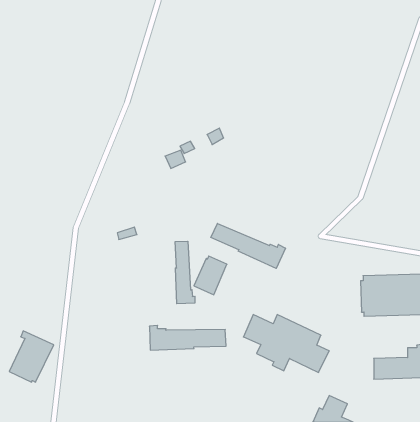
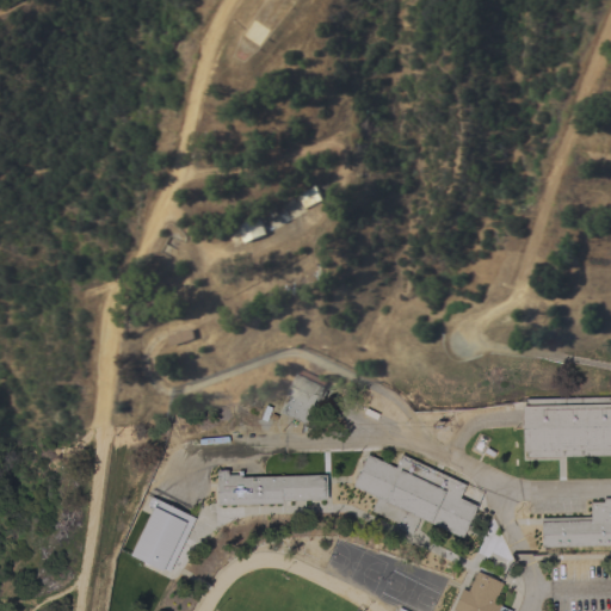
building: [211,223,285,268] -> none
building: [175,241,195,304] -> none
building: [9,331,54,382] -> [132,498,197,572]

